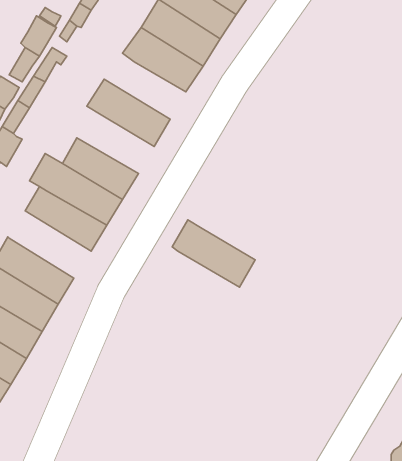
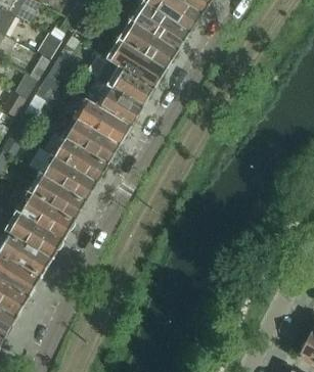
building: none -> [94,59,152,107]
building: none -> [27,173,85,221]
building: [172,220,255,287] -> [71,98,130,146]

